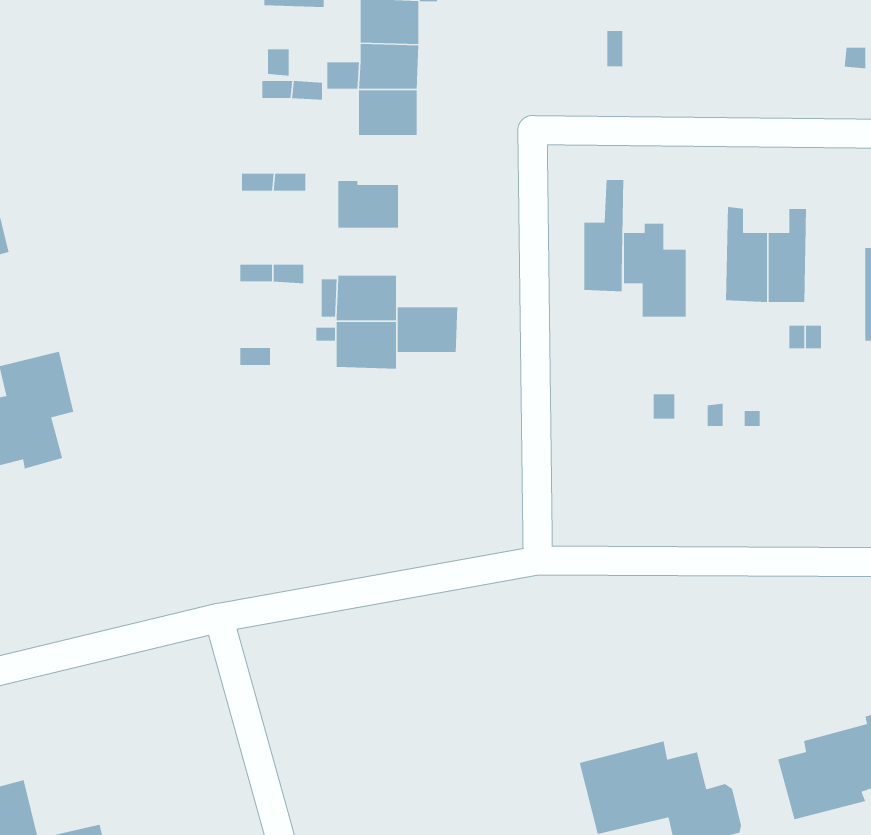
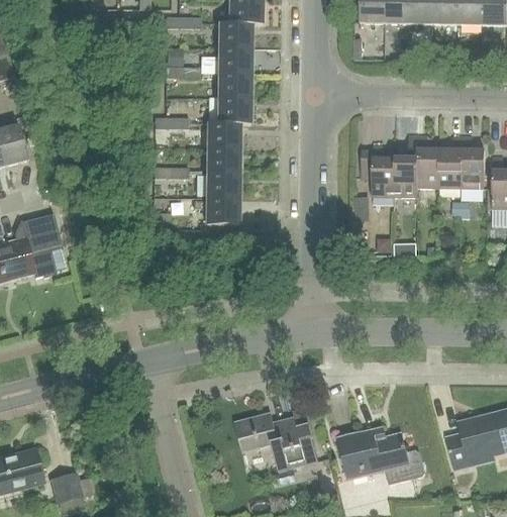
building: none -> [217,98,249,125]
building: [584,179,624,292] -> [396,136,418,198]
building: none -> [461,137,484,189]
building: [397,306,458,353] -> [206,148,239,174]
building: none -> [235,409,319,474]

